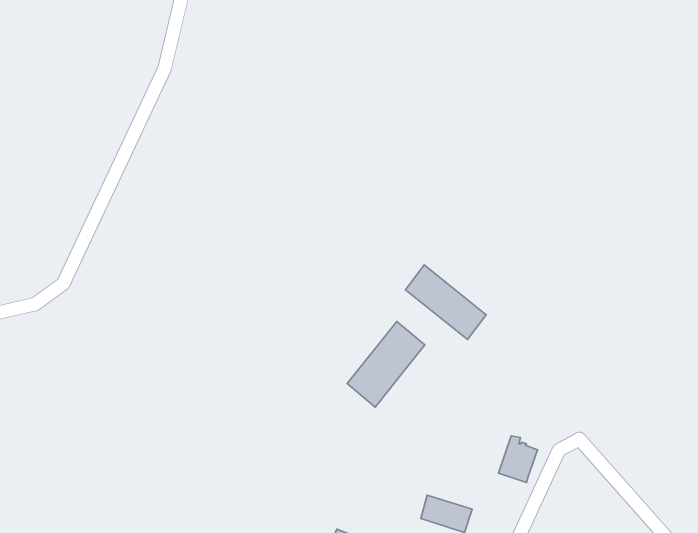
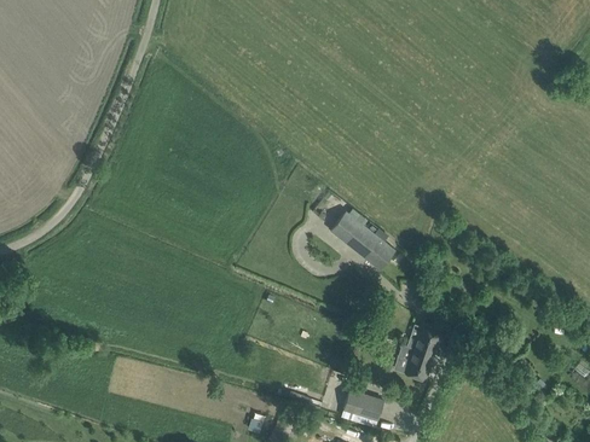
building: [347,321,425,407] -> none
building: none -> [412,322,441,355]

